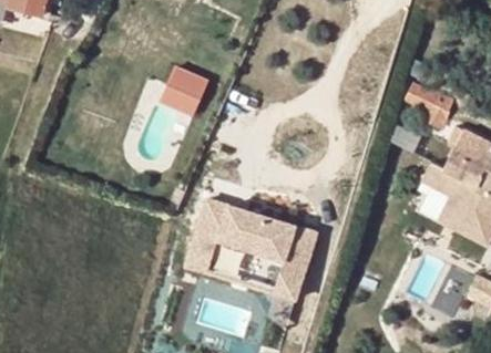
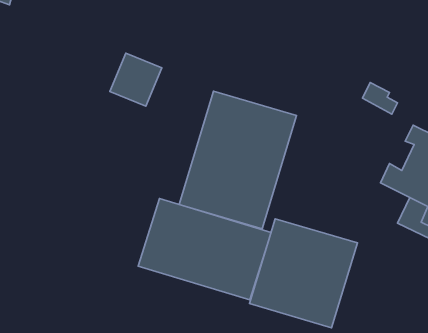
building: none -> [179,91,297,229]
building: none -> [250,219,357,328]

